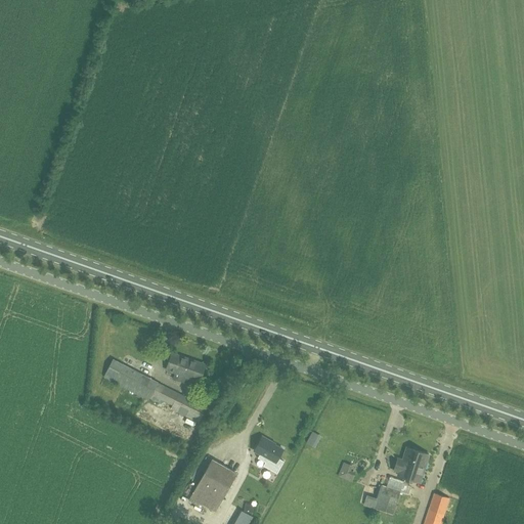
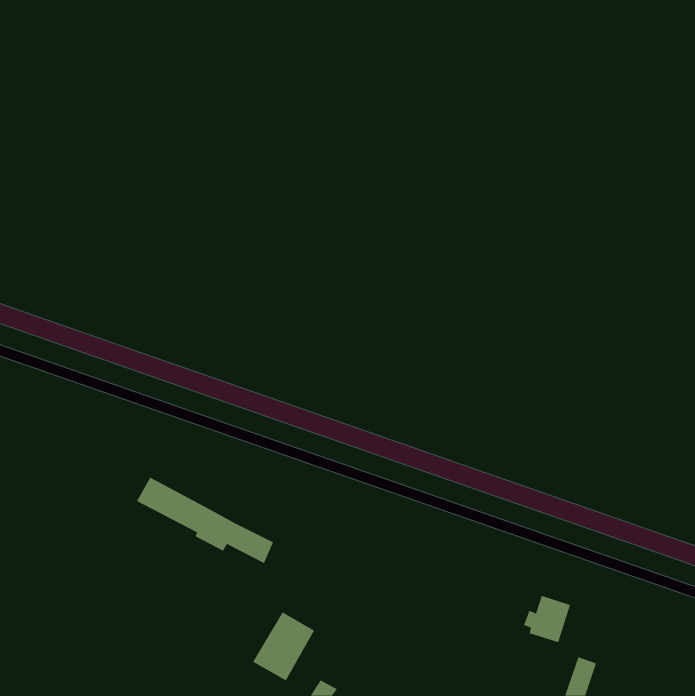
building: [166,354,203,381] -> none
building: [254,437,282,464] -> none
building: [374,486,400,515] -> none

